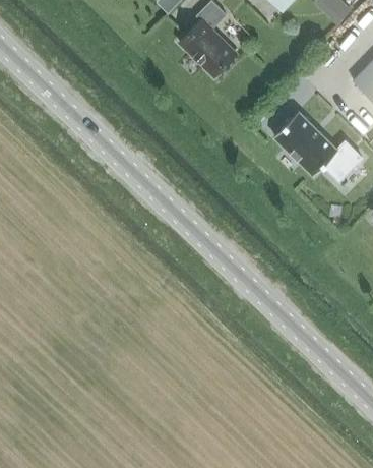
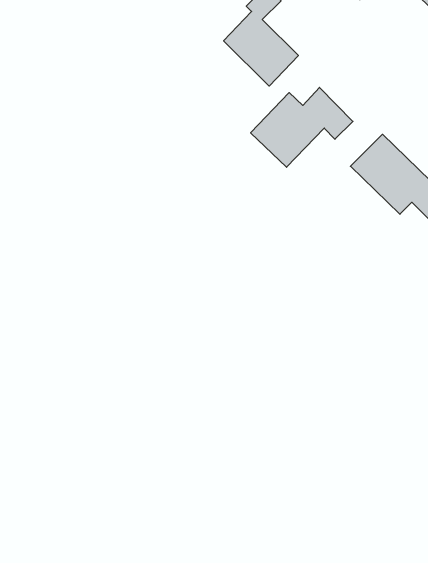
building: none -> [251,87,353,167]

